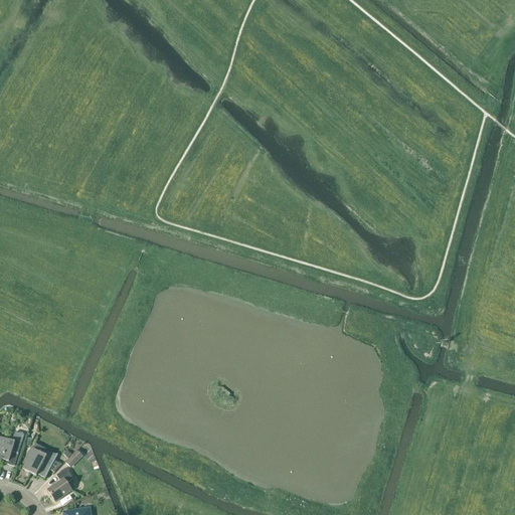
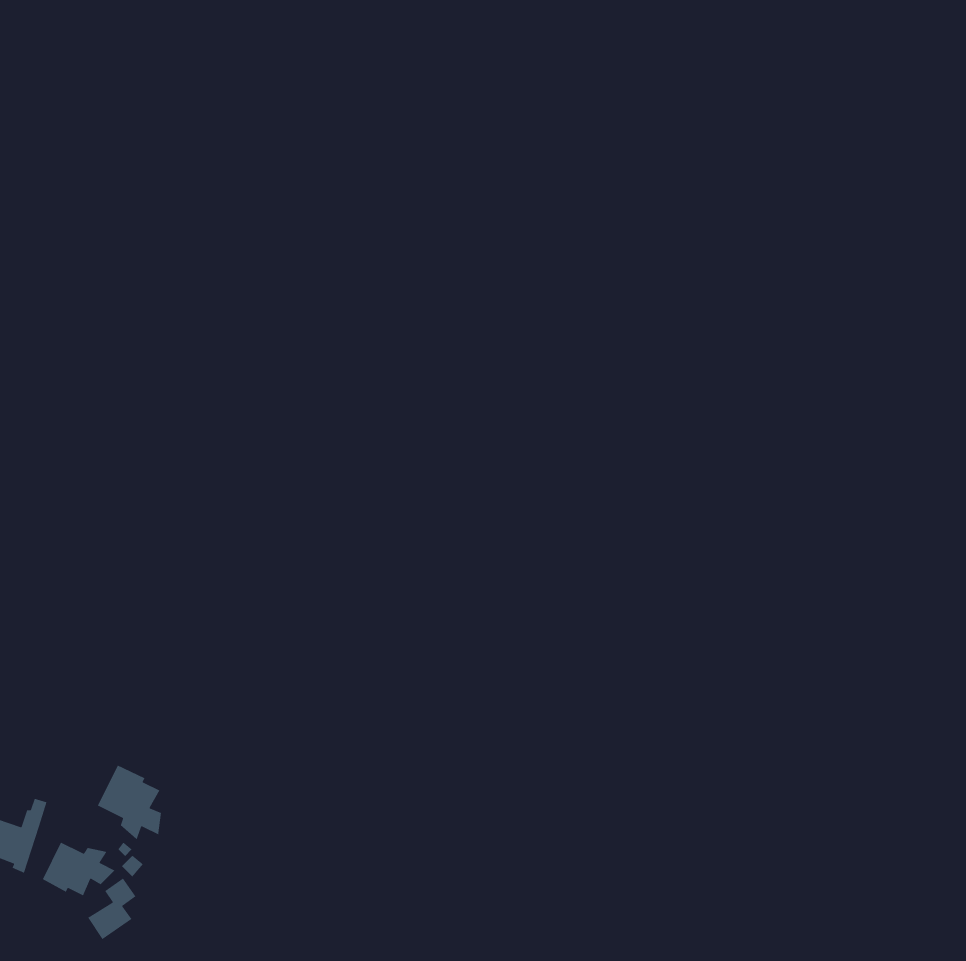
building: none -> [97,765,162,841]

